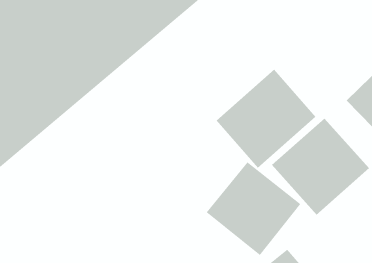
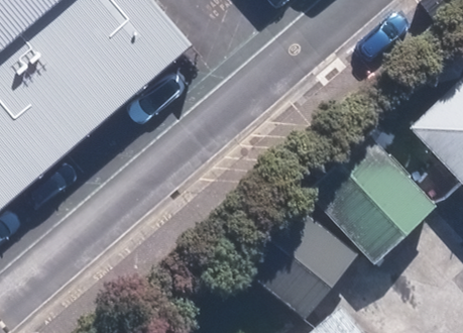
building: [216,69,316,169] -> none

